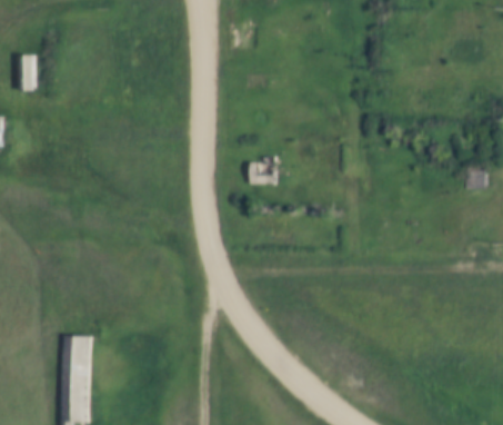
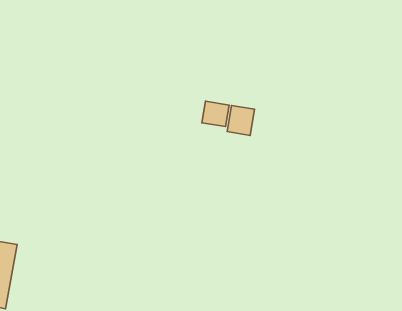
building: none -> [227,105,255,136]

